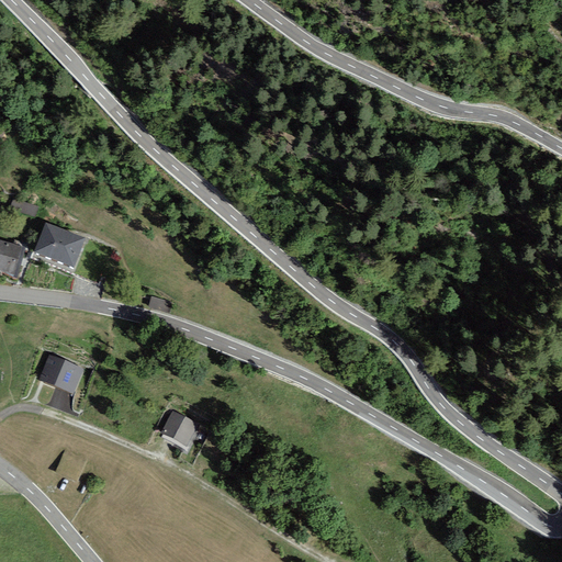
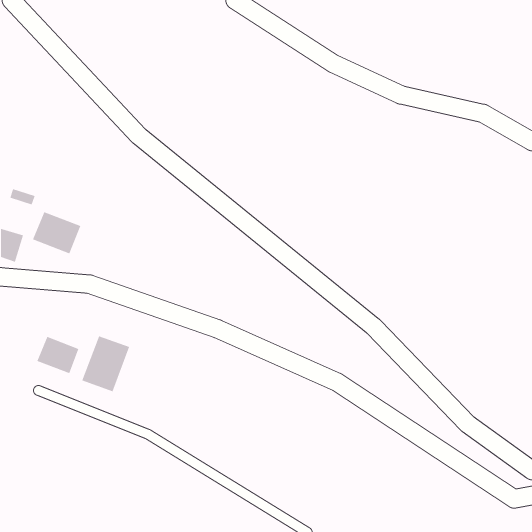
building: none -> [82,336,130,392]
building: [160,411,200,448] -> none

